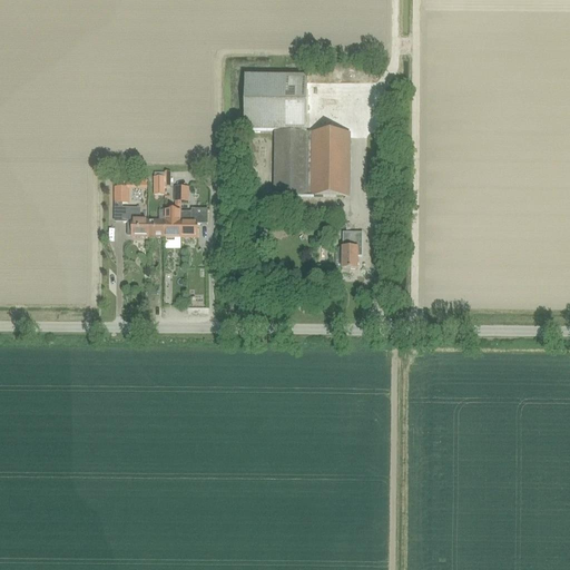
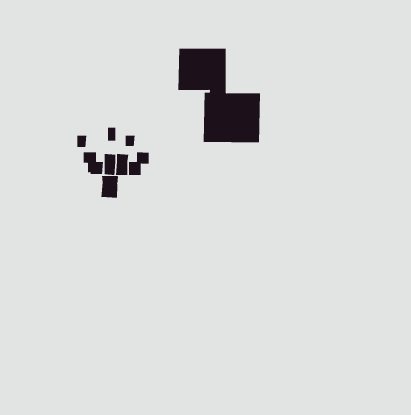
building: [342,228,361,265] -> none
building: none -> [101,175,118,199]

